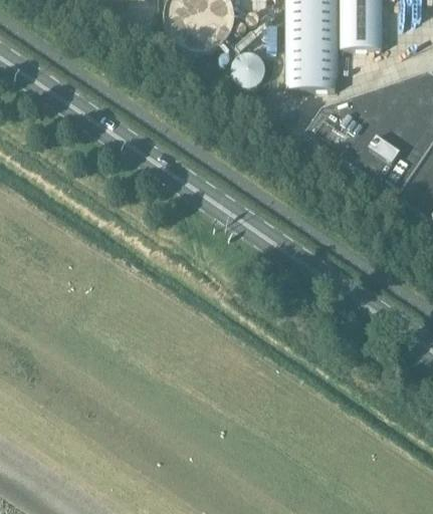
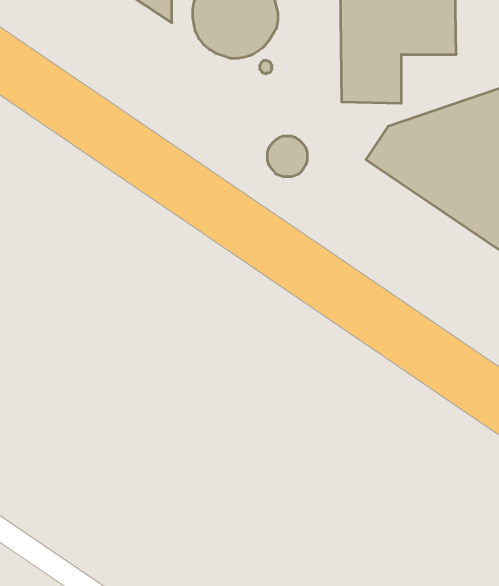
building: [232,51,265,84] -> [267,136,307,176]

